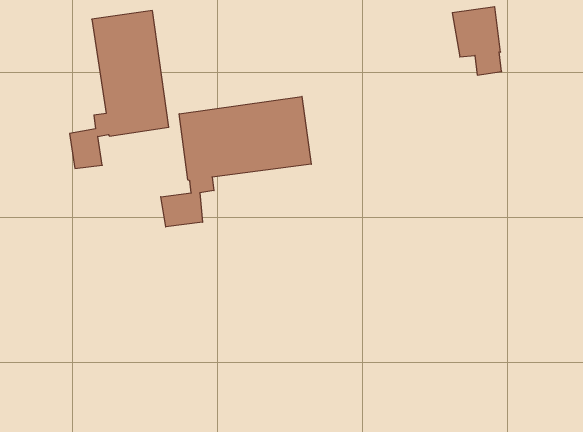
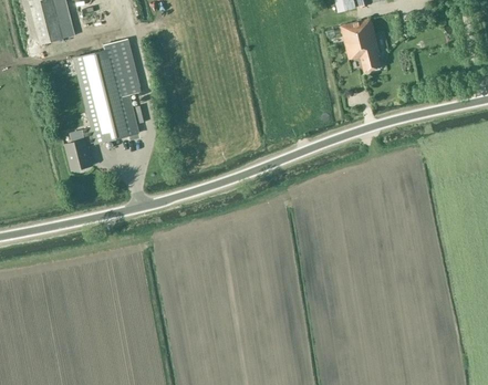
building: [161,96,311,227] -> none

